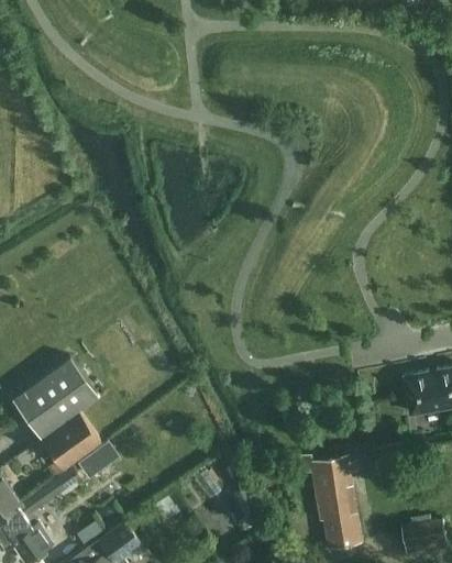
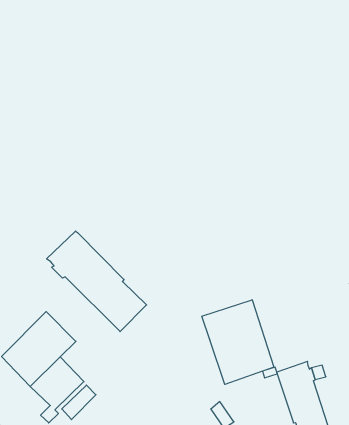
building: none -> [47,231,147,332]
building: none -> [202,300,274,384]

